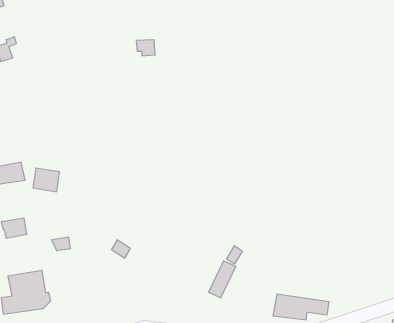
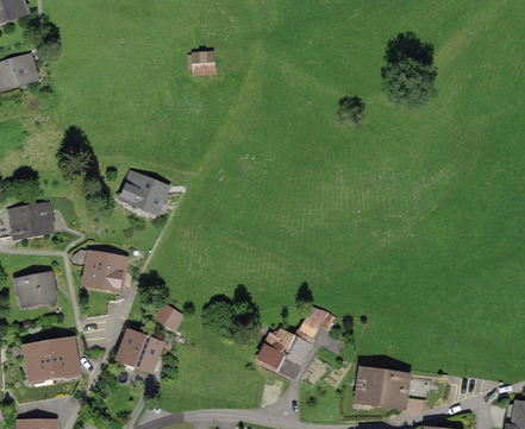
building: none -> [129,175,164,208]
building: [33,168,60,192] -> [88,255,121,285]
building: none -> [121,324,169,366]
building: none -> [260,330,294,368]

